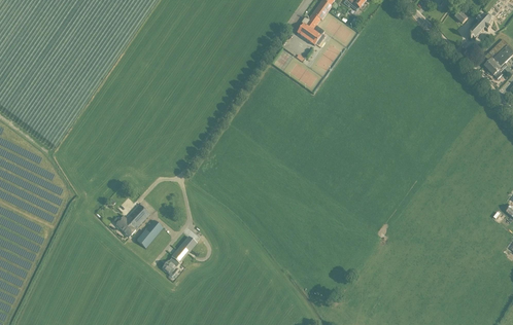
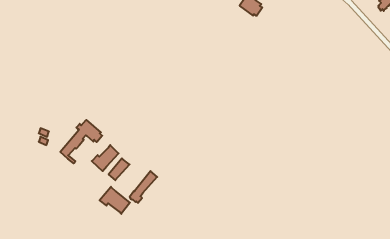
building: none -> [60,120,102,163]
building: none -> [100,187,130,214]

